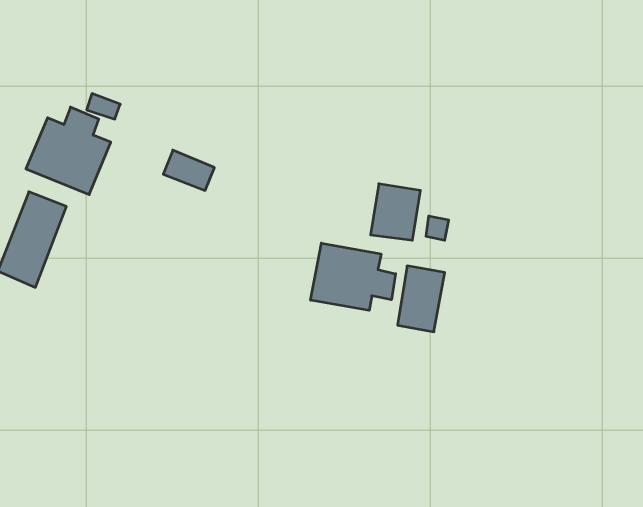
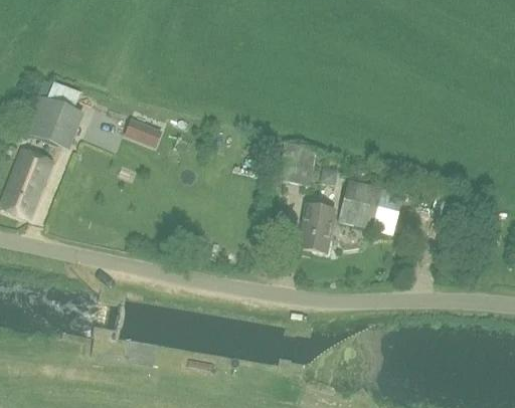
building: none -> [339,176,401,231]
building: [311,243,396,310] -> none

